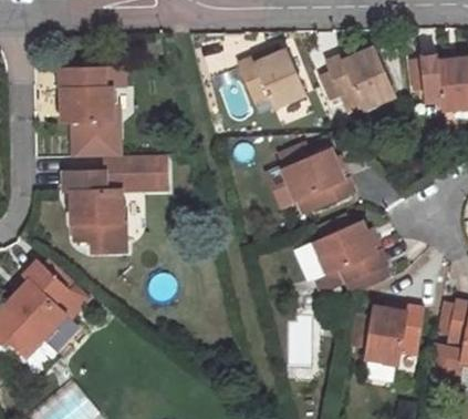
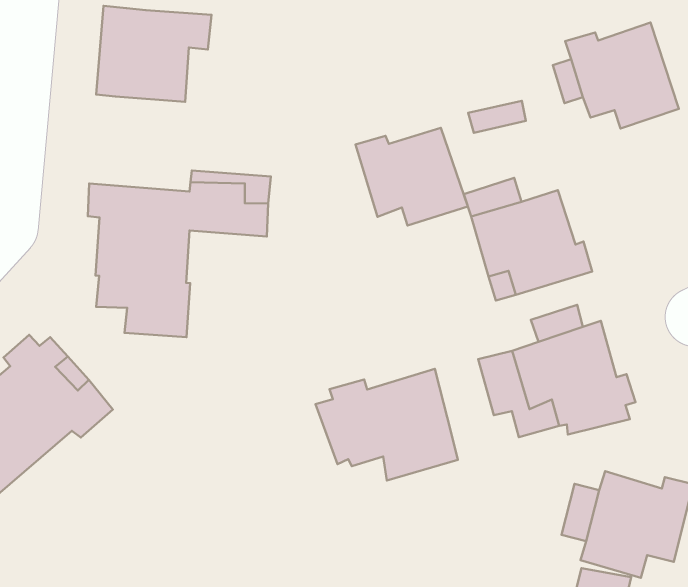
building: [238,50,305,108] -> [356,128,468,226]
building: [73,119,119,155] -> none
building: none -> [315,369,458,481]

